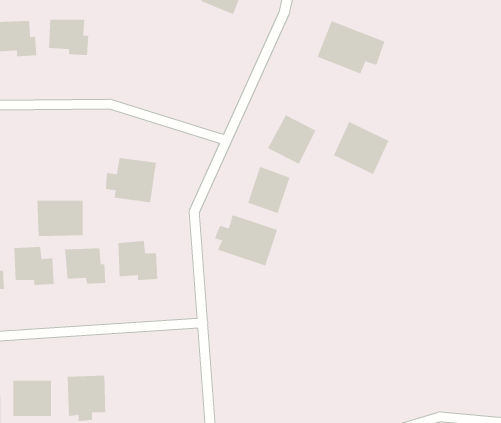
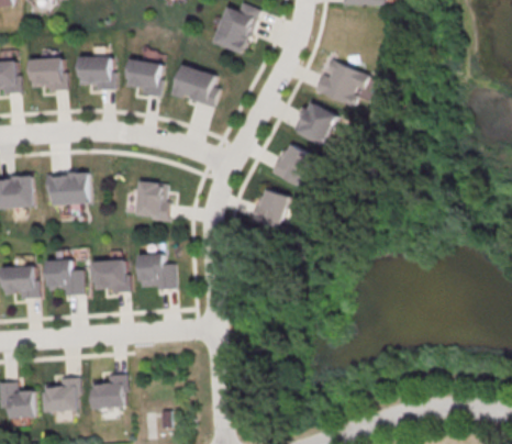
building: none -> [124,59,162,97]
building: none -> [170,64,218,108]
building: [333,121,390,175] -> [291,99,342,147]
building: [36,200,83,237] -> [47,173,89,206]
building: [214,214,278,266] -> none

